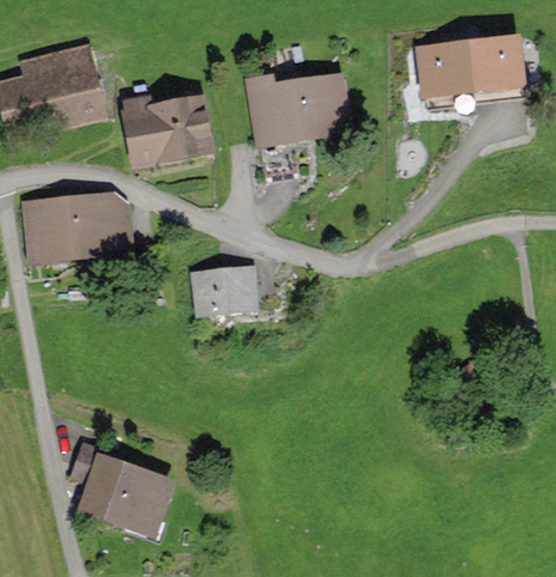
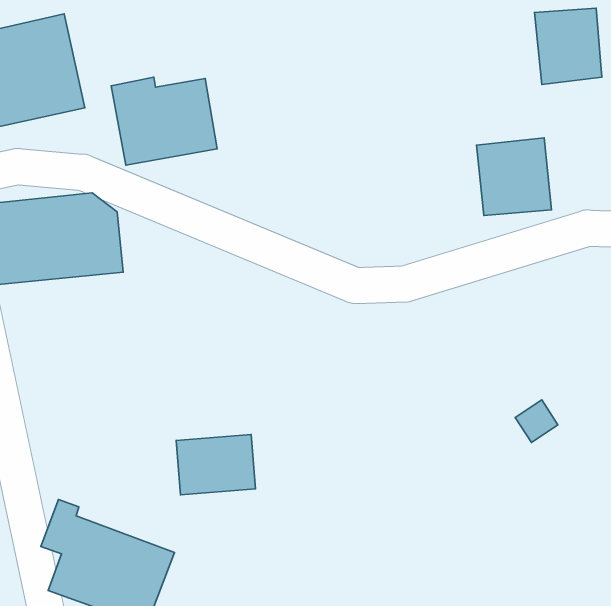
building: [416,41,477,104] -> [477,138,552,216]
building: [249,73,348,141] -> none
building: [193,265,258,314] -> [176,435,256,495]

